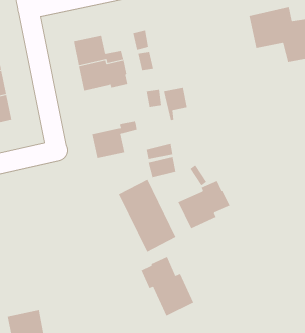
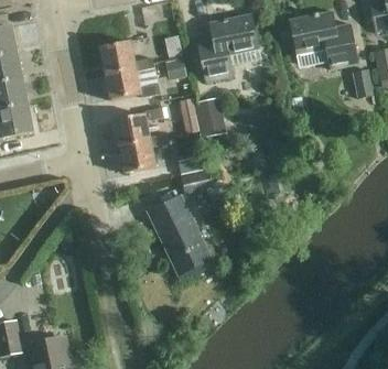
building: none -> [196,12,259,82]
building: none -> [114,106,164,146]
building: [177,180,230,229] -> none
building: [141,256,194,316] -> none

